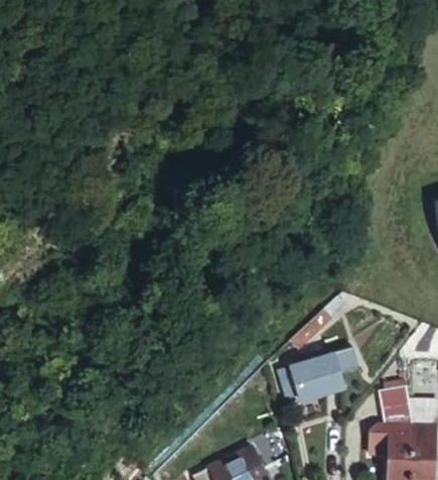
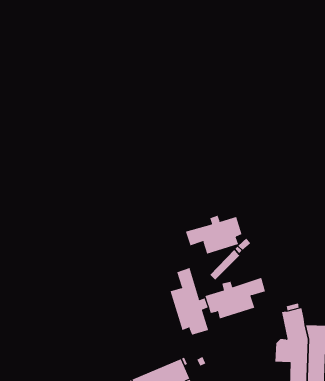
building: none -> [185,215,242,255]
building: none -> [170,267,209,336]

